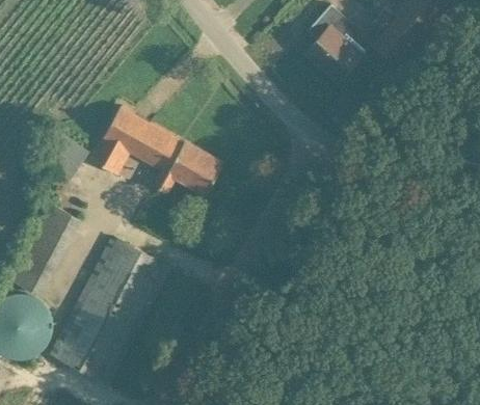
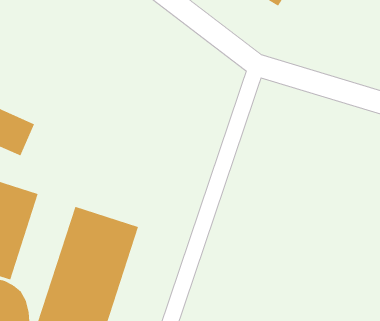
building: [90,105,222,194] -> none

